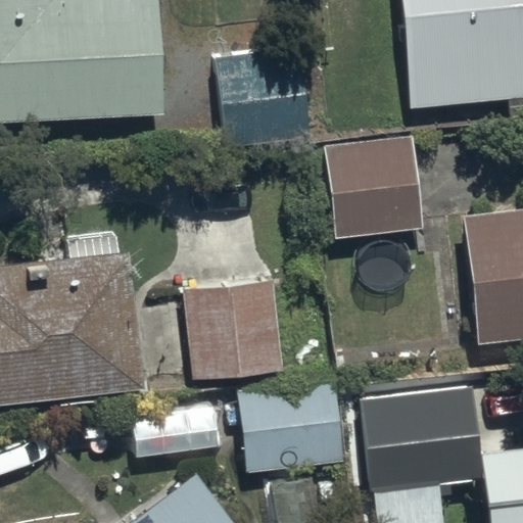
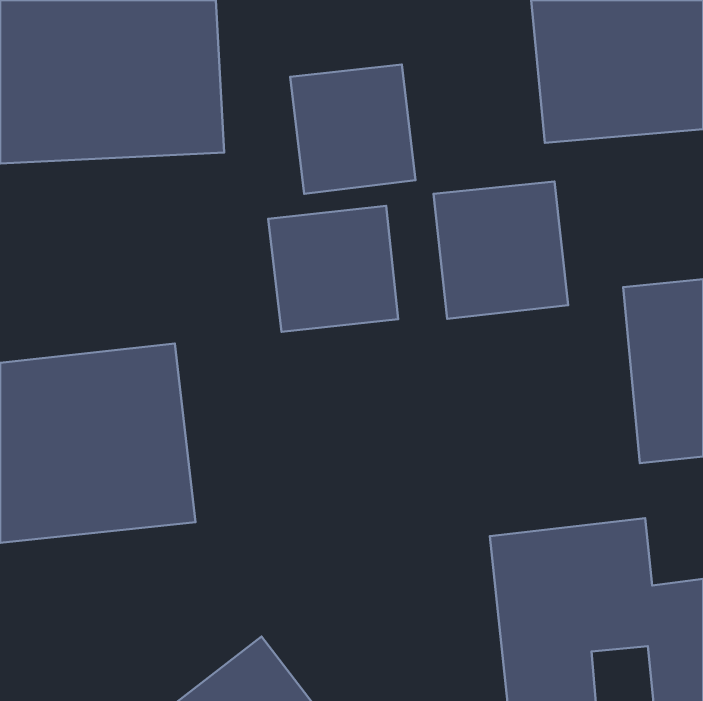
building: none -> [268,206,398,332]
building: [180,280,281,381] -> none
building: [237,381,344,475] -> none

